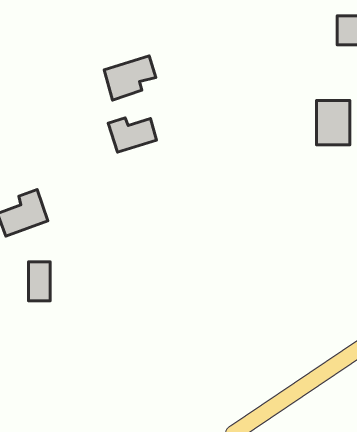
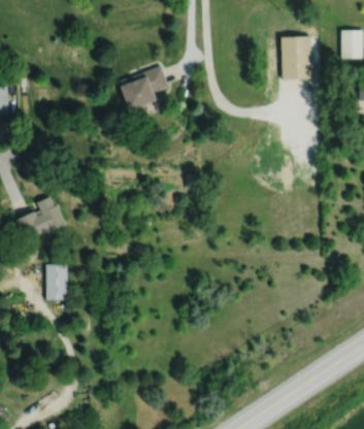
building: [316,101,350,145] -> [282,37,313,79]
building: [108,118,157,152] -> none

